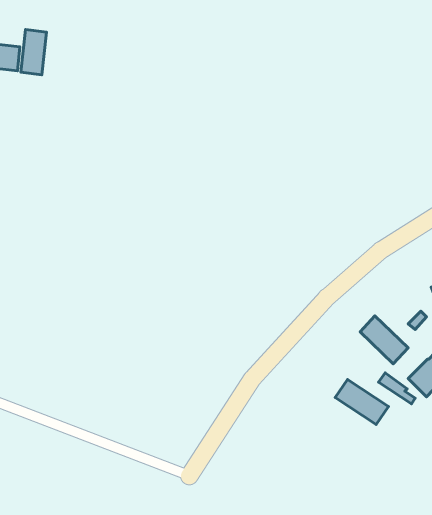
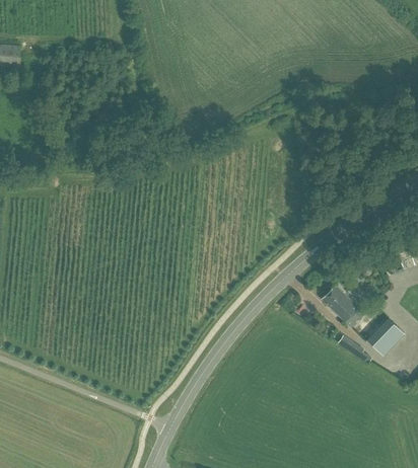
building: [21,30,47,75] -> none
building: [335,380,389,424] -> none

